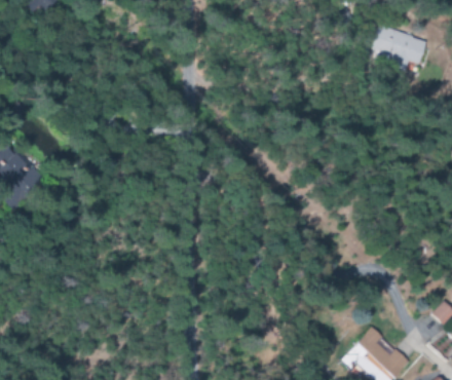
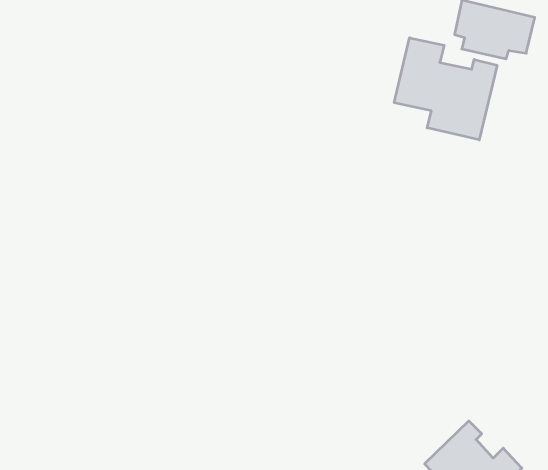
building: none -> [394,38,497,140]

